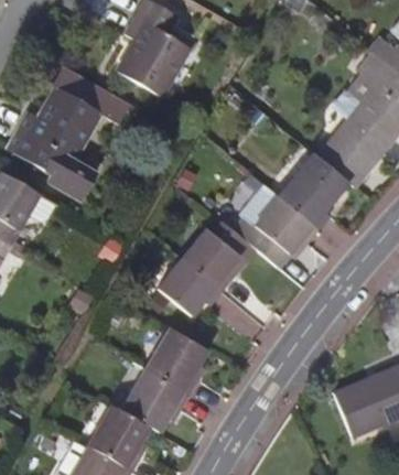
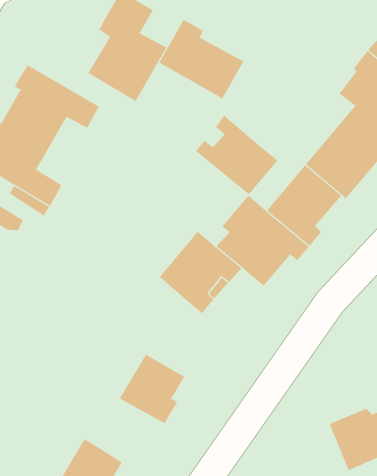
building: none -> [158,19,244,99]
building: none -> [195,115,278,195]
building: [159,258,222,315] -> none
building: [121,369,187,432] -> none

